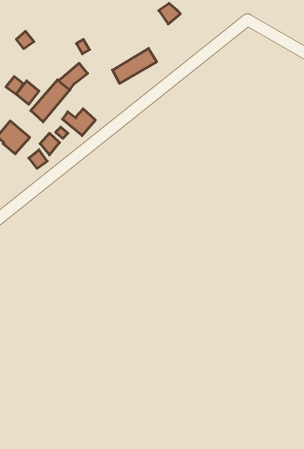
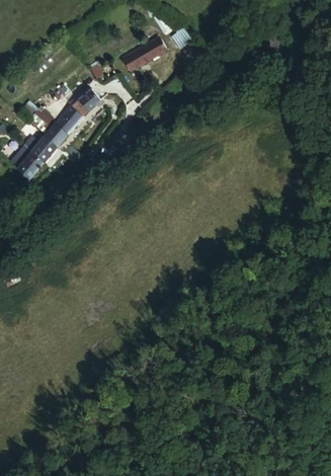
building: [112,48,157,83] -> [123,38,167,73]
building: [62,109,95,136] -> [25,136,58,162]

